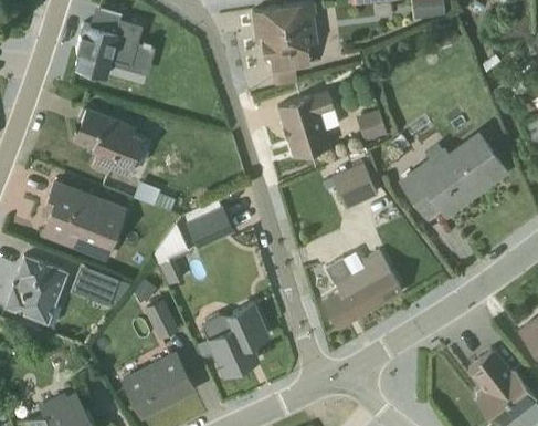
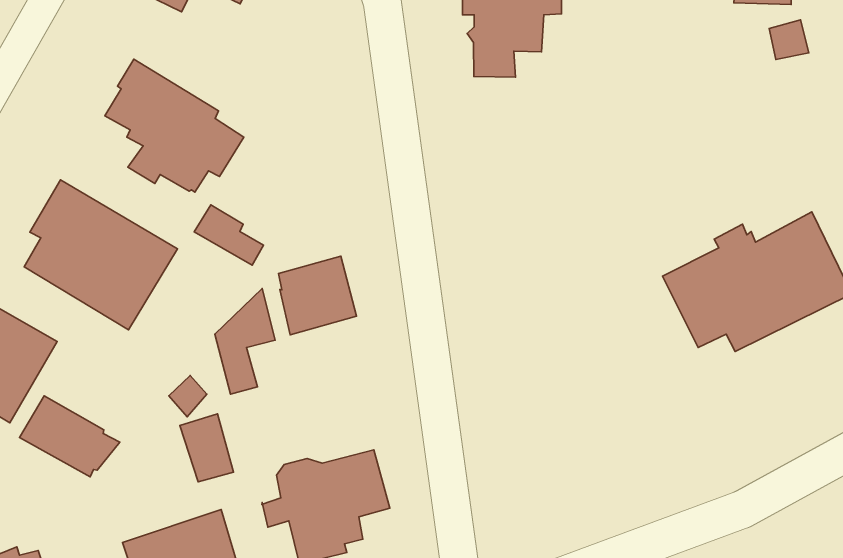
building: [278,92,339,157] -> none
building: [357,111,387,142] -> none
building: [323,164,377,209] -> none
building: [321,251,402,330] -> none
building: [72,267,128,308] -> [19,396,120,477]

